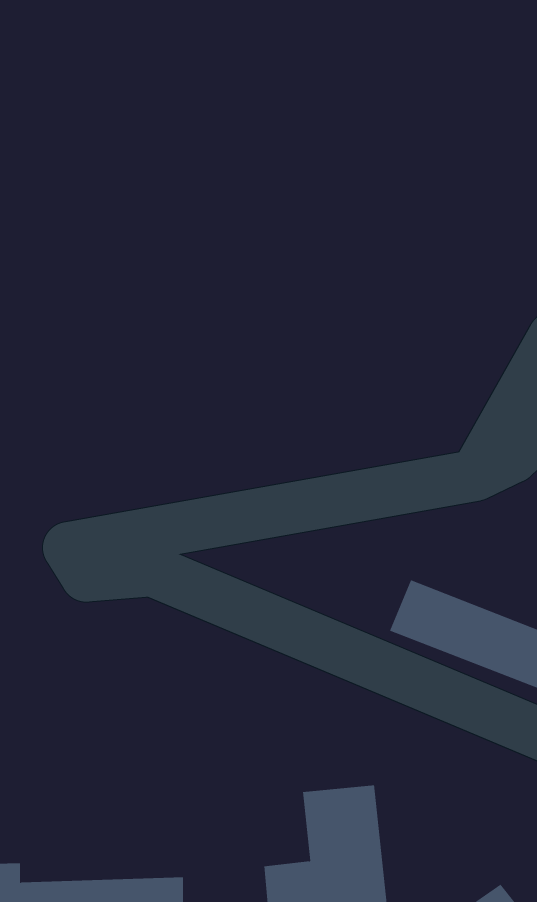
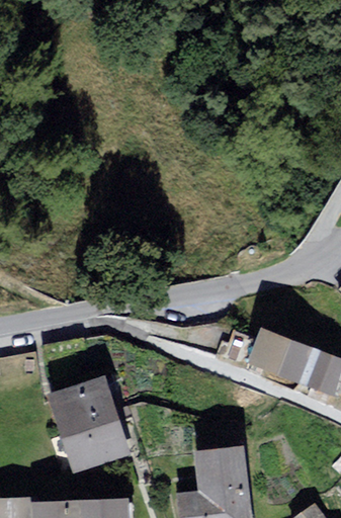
building: none -> [51,380,125,467]

